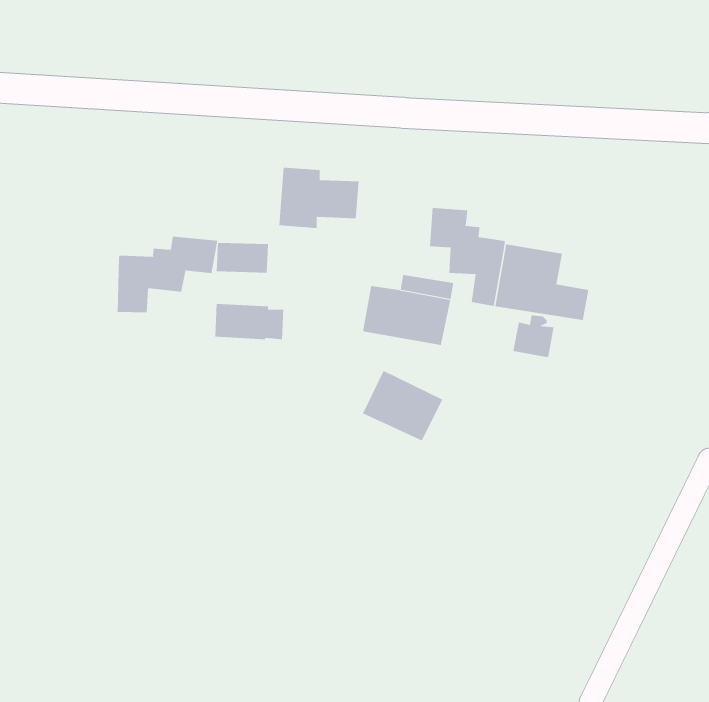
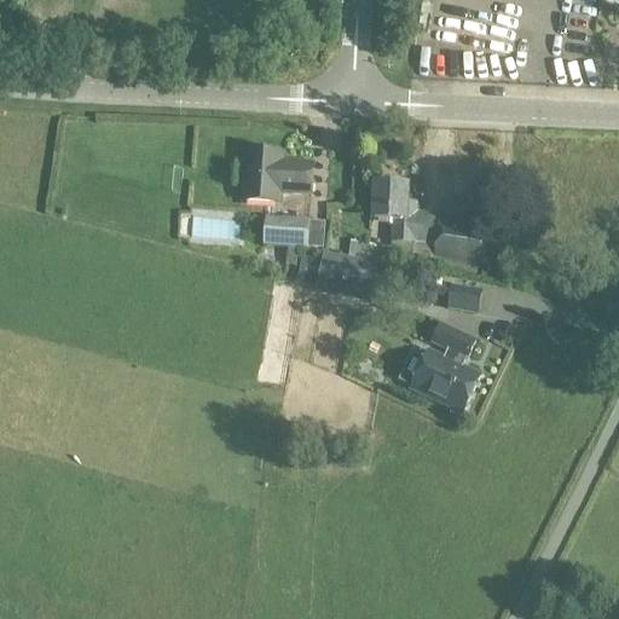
building: [117,236,218,313] -> none
building: [214,303,284,340] -> [262,212,323,243]
building: none -> [429,317,476,355]
building: [362,370,443,441] -> [409,346,479,407]

